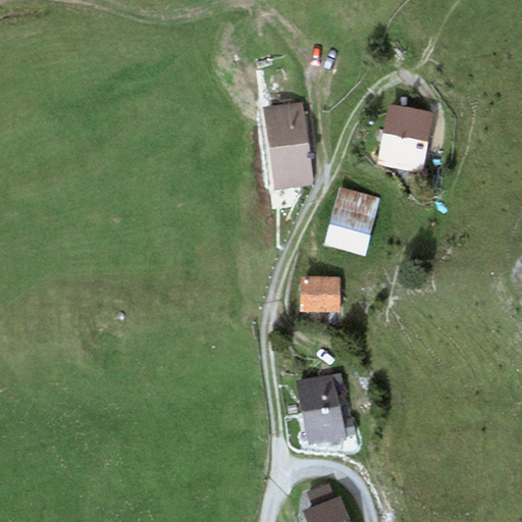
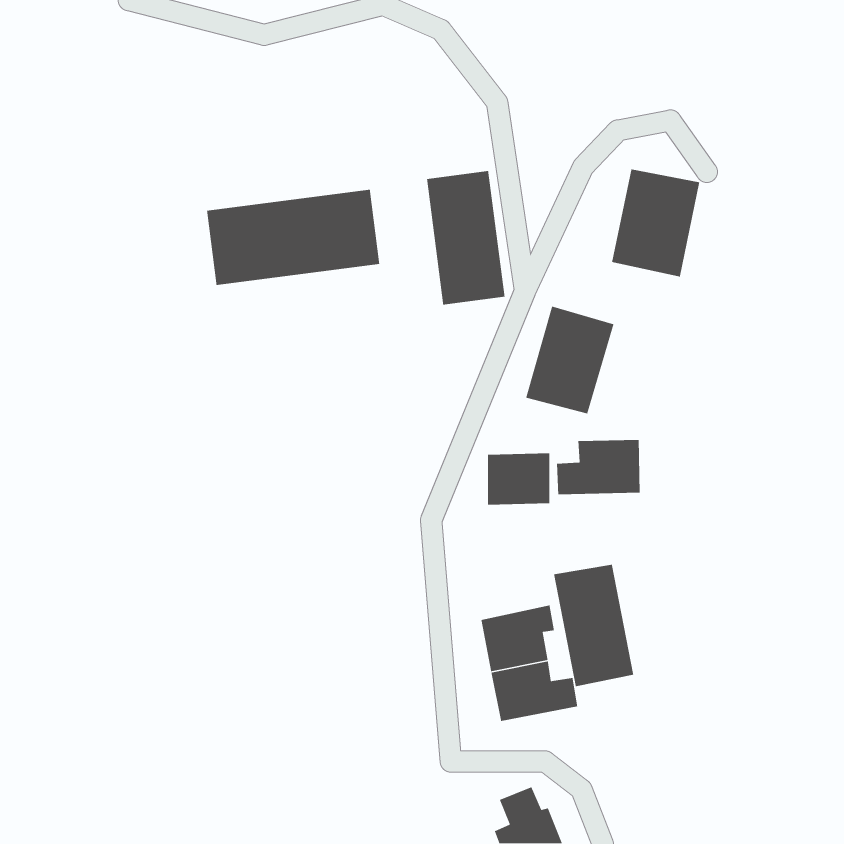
building: none -> [206,189,380,286]
building: none -> [556,439,640,495]
building: none -> [553,564,634,687]

